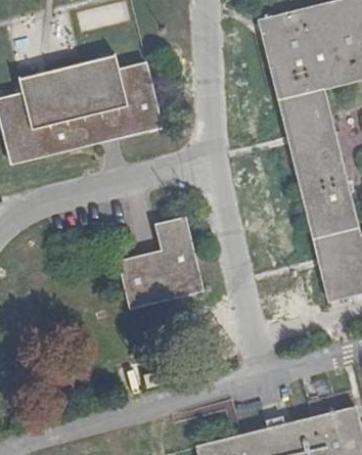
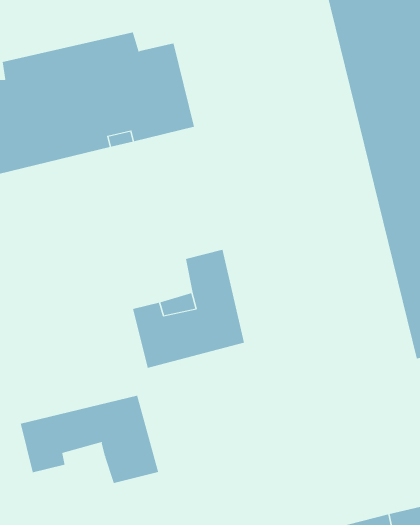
building: none -> [20,395,159,484]

